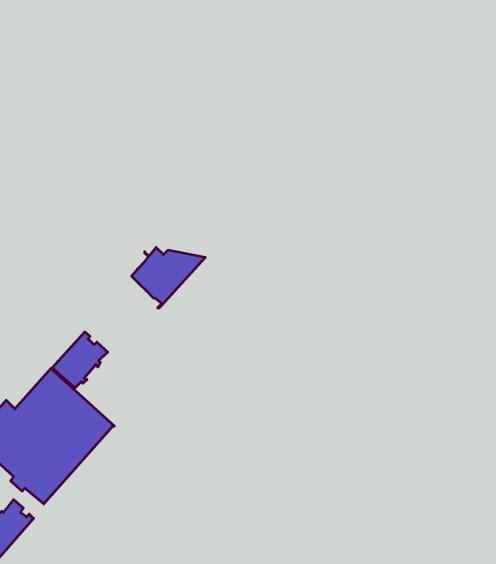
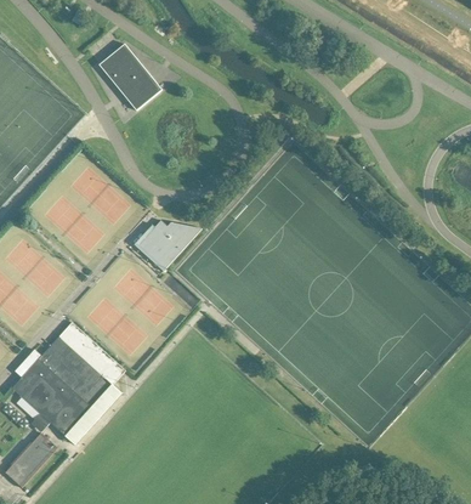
building: none -> [96,44,159,111]
building: [52,332,108,388] -> none

